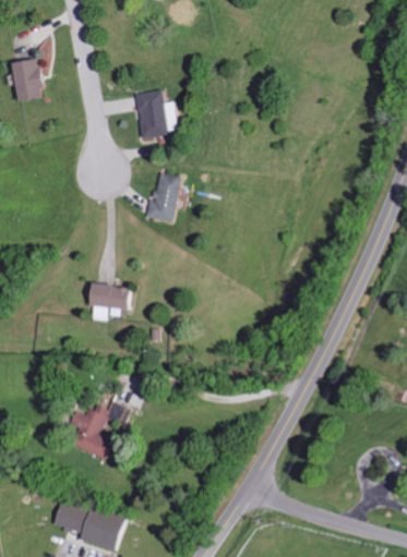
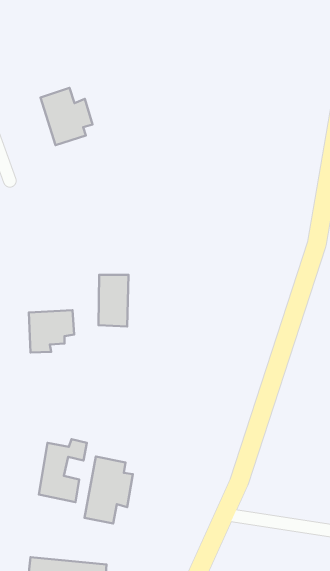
building: [148,171,182,221] -> [99,275,129,327]
building: none -> [85,457,133,524]

